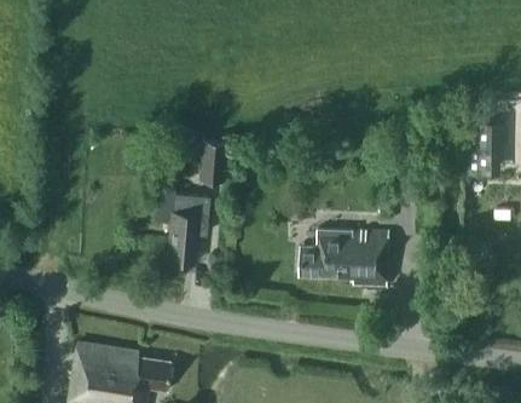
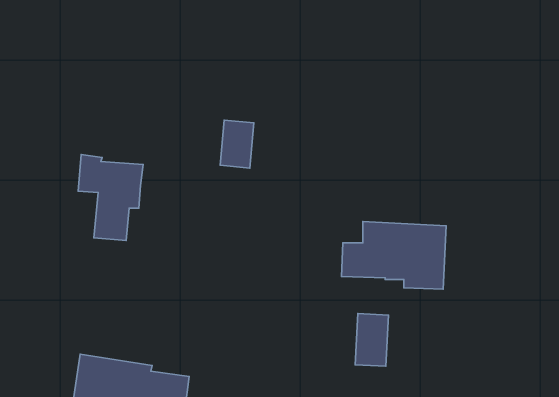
building: [152,188,208,261] -> [78,155,143,241]
building: none -> [355,314,389,366]

